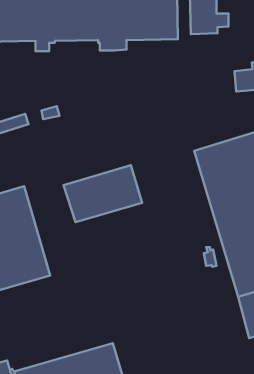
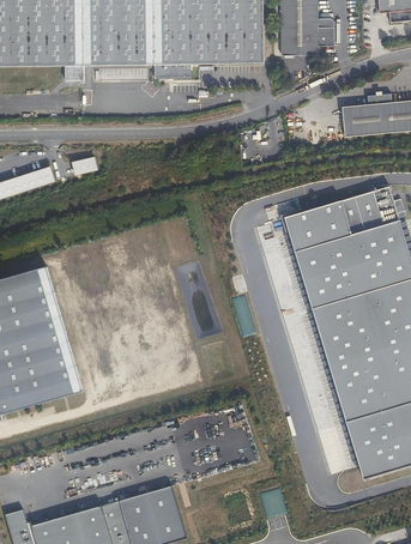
building: [64,165,142,222] -> none

